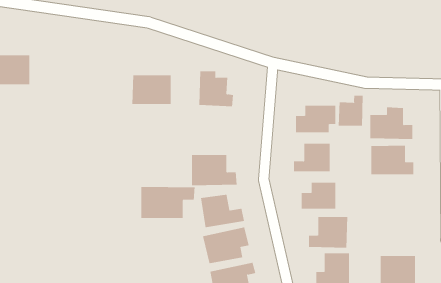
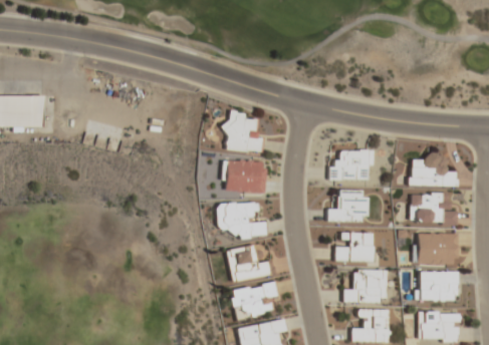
building: [132,75,172,105] -> [222,159,265,192]
building: [338,95,363,126] -> none
building: none -> [415,233,458,264]
building: [141,186,195,219] -> none
building: none -> [417,271,460,300]

